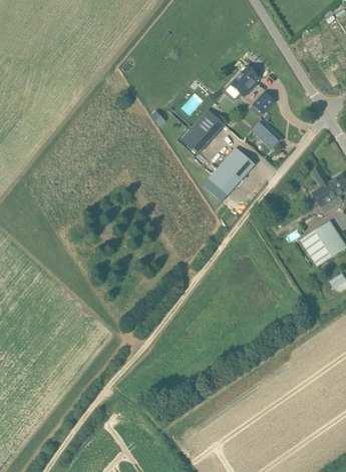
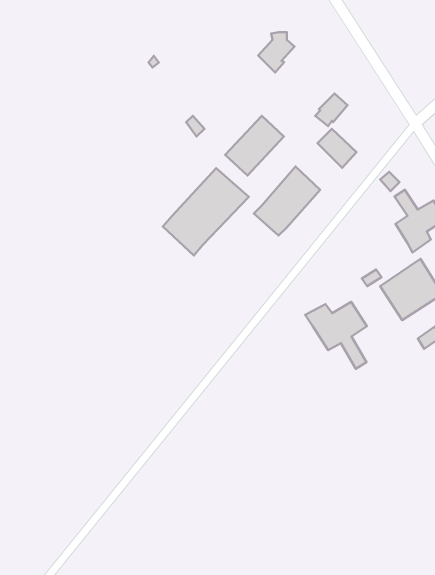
building: [232,65,260,96] -> [258,32,295,72]
building: none -> [163,168,249,256]
building: none -> [305,302,367,369]

